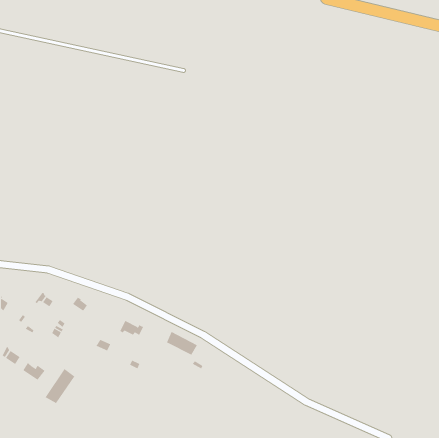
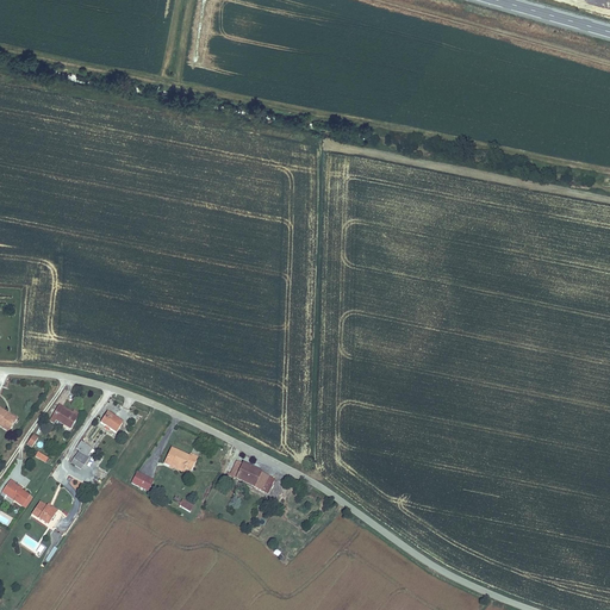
building: [45,368,75,404] -> none

